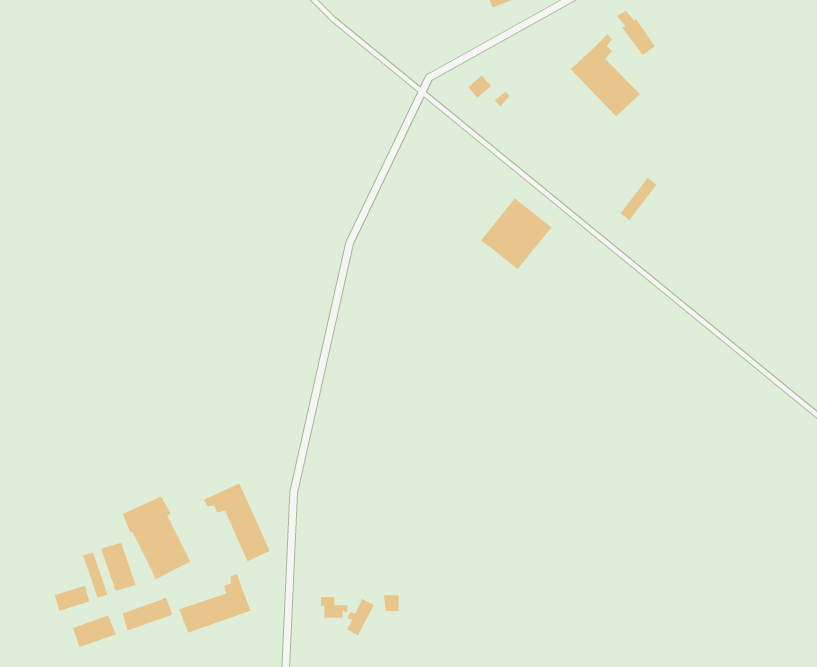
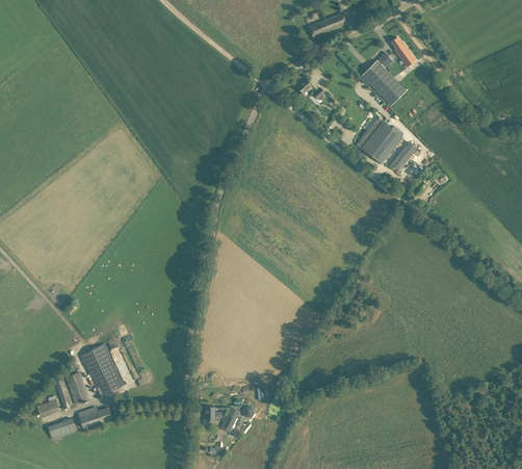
building: [480,198,553,270] -> [357,116,402,162]
building: [203,482,271,562] -> none
building: [178,573,251,634] -> none

